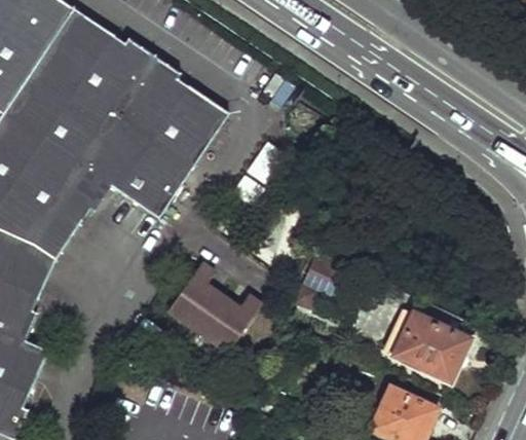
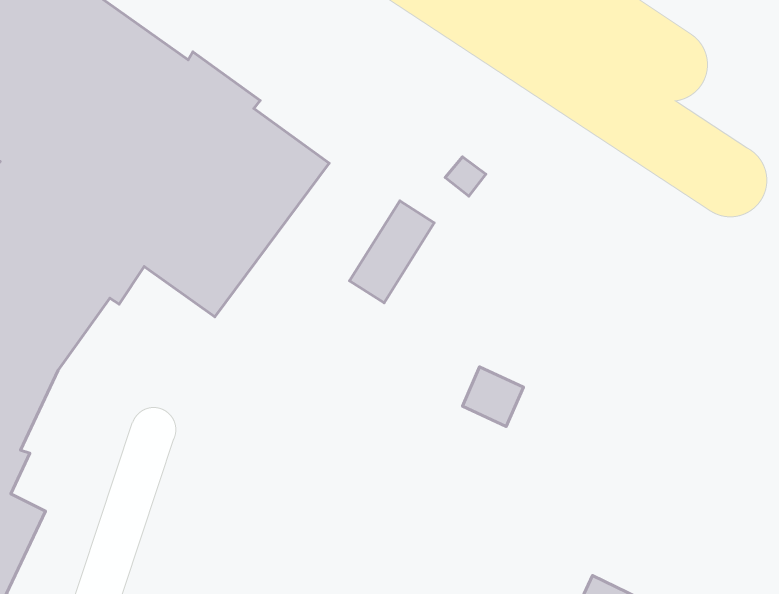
building: [162,261,255,351] -> none
building: [394,313,469,379] -> none

